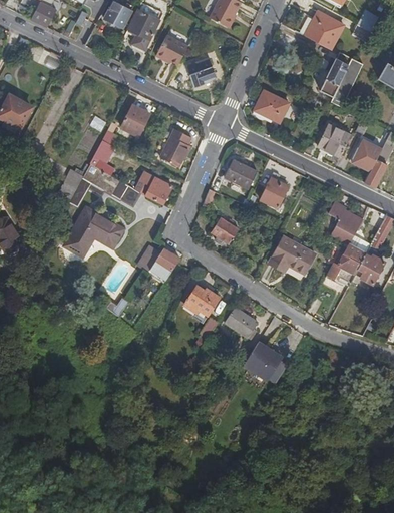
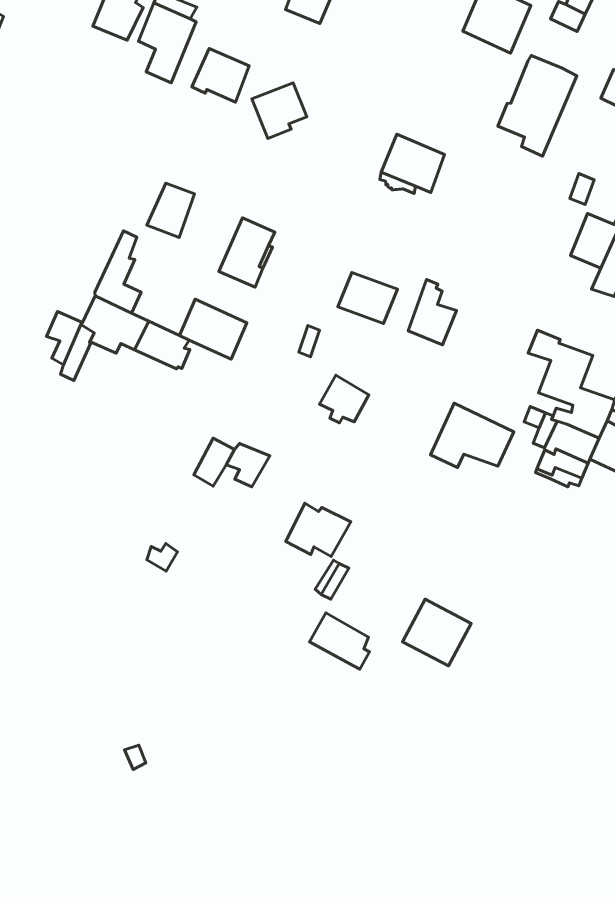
building: [316,123,350,157] -> none
building: [67,207,125,254] -> none
building: [226,309,258,341] -> [310,613,370,669]

